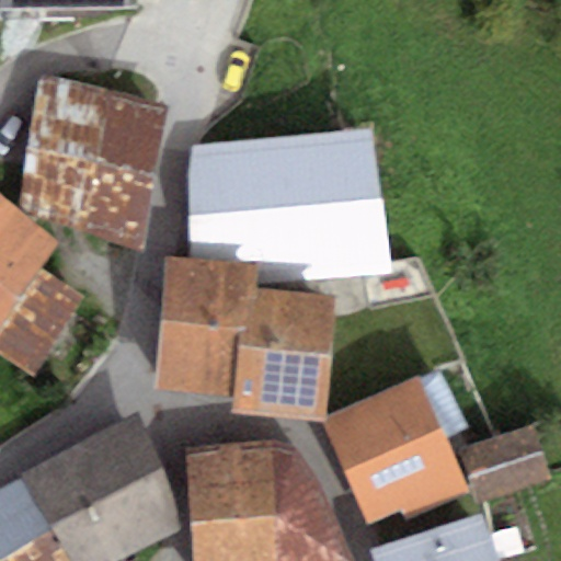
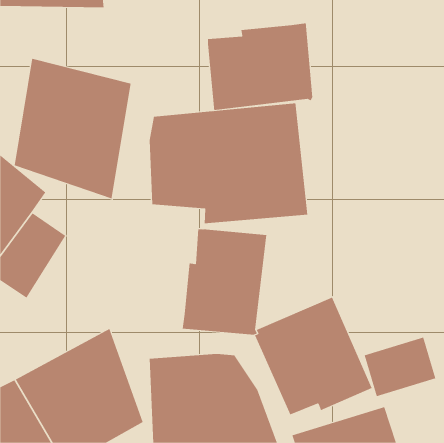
building: none -> [207,23,313,111]
building: [153,255,257,396] -> none

